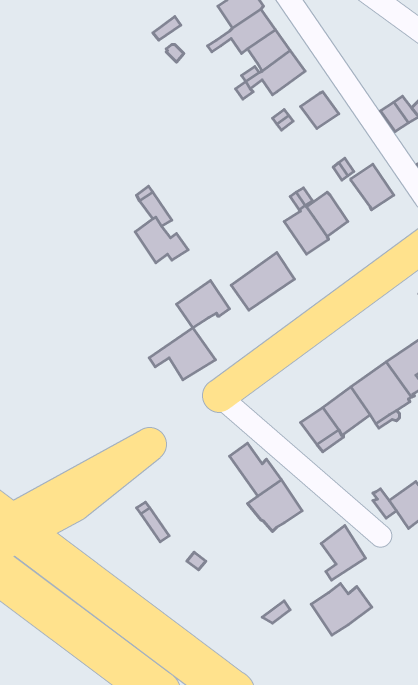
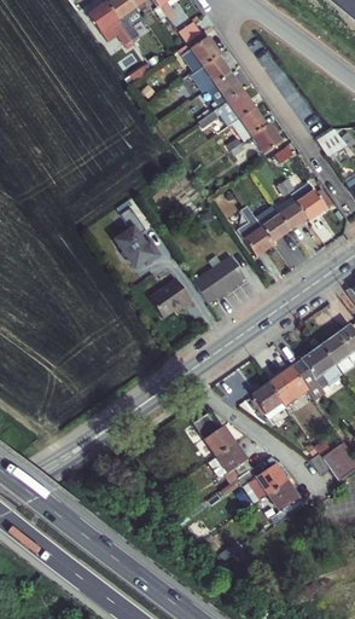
building: none -> [231,106,266,140]
building: none -> [274,196,307,230]
building: [149,328,215,380] -> none
building: [311,584,372,635] -> [237,459,286,502]

